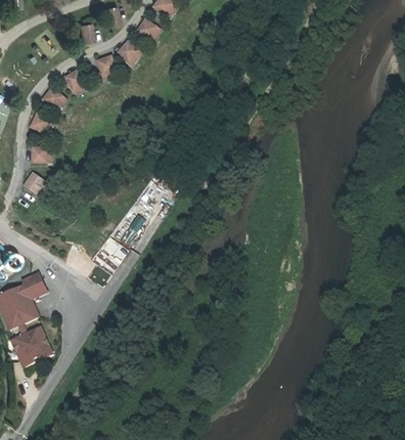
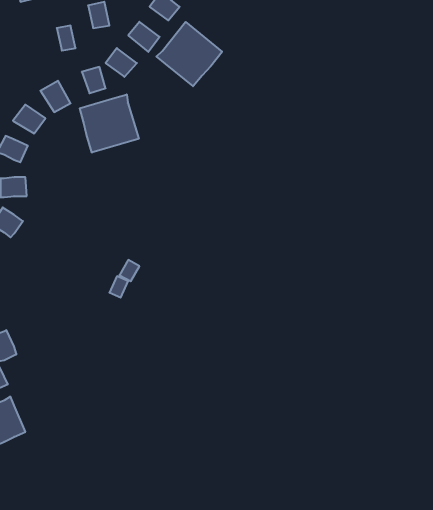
building: none -> [156,22,222,86]
building: none -> [80,94,139,153]

